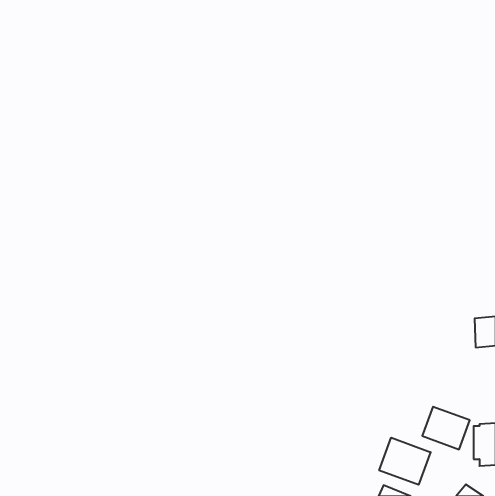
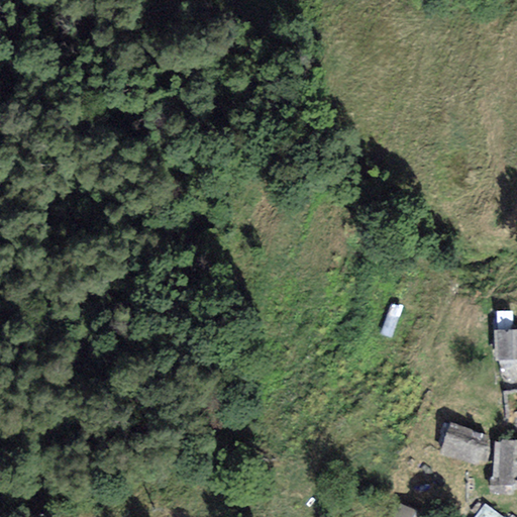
building: [379,438,431,485] -> none

